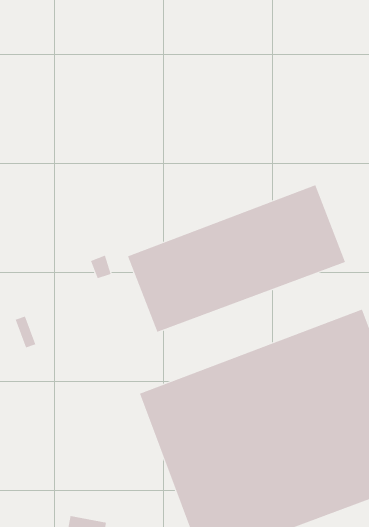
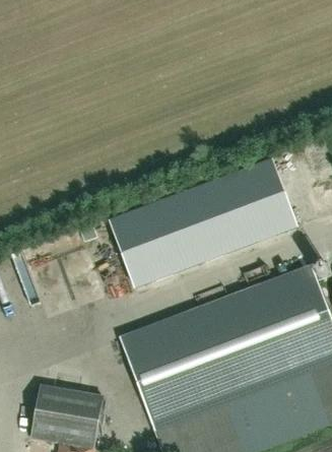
building: none -> [31,384,103,447]

